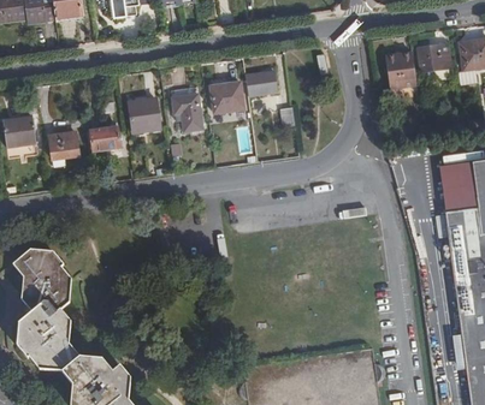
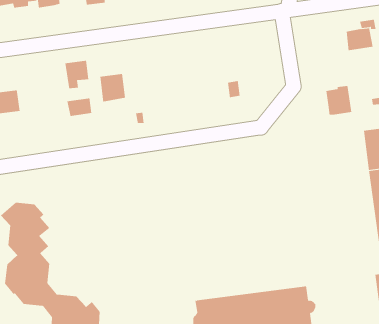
building: [386,53,418,88] -> [326,86,352,115]
building: [246,72,277,95] -> none
building: [211,82,243,113] -> none
building: [172,88,202,131] -> none
building: [49,132,78,166] -> [65,60,89,89]

